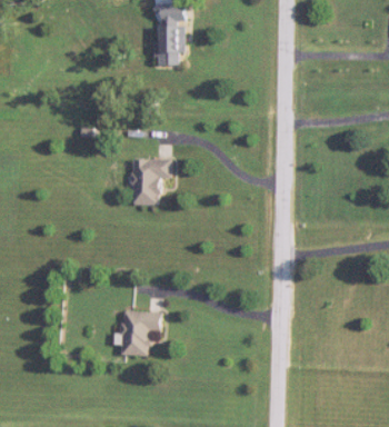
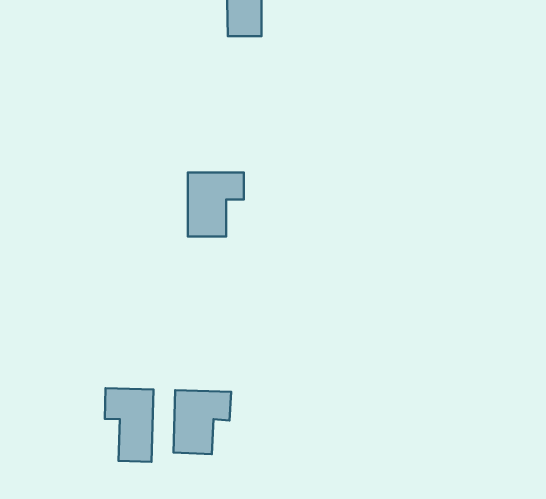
building: none -> [105,388,154,462]

